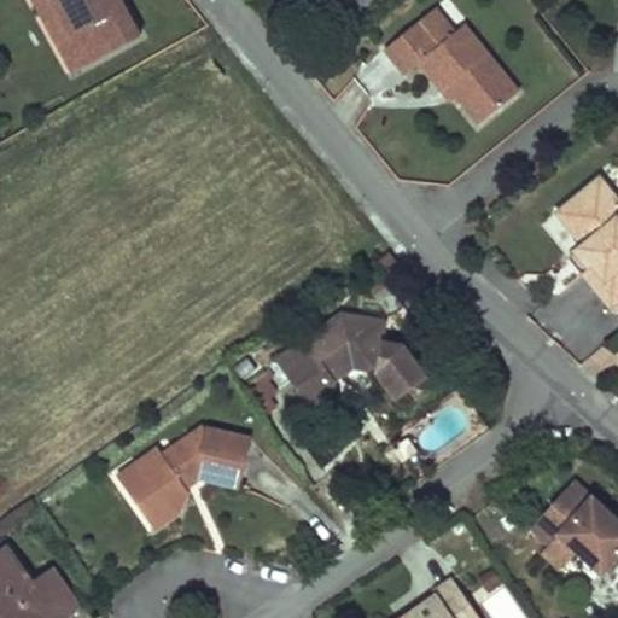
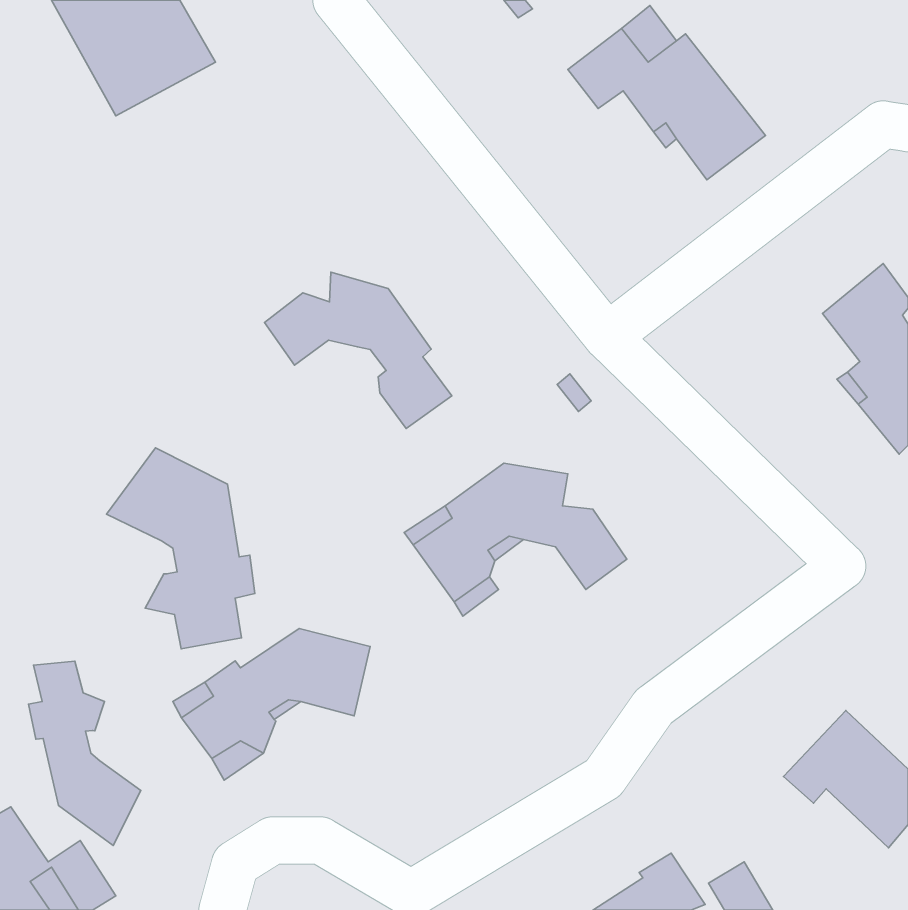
building: none -> [265,272,452,429]
building: none -> [107,448,255,649]
building: none -> [29,661,141,846]

